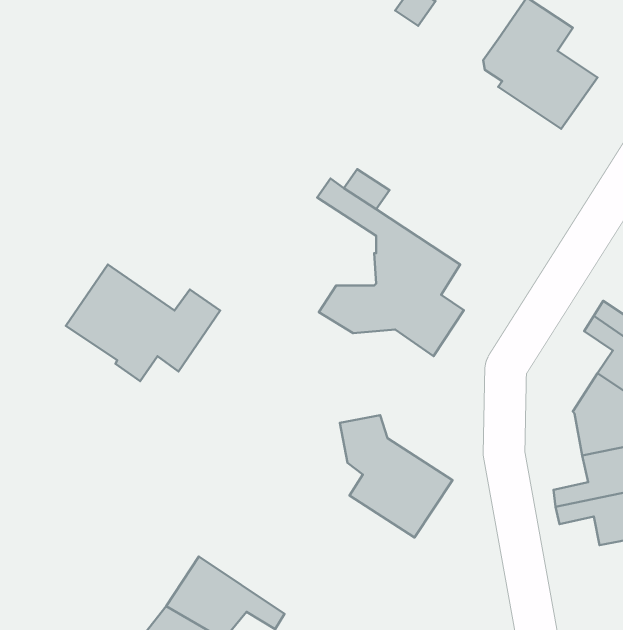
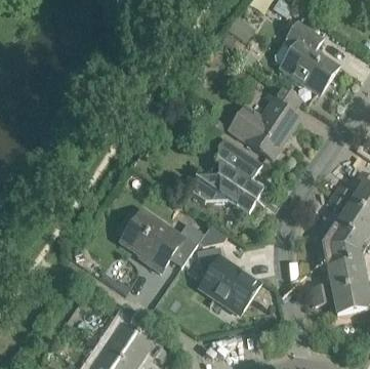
building: none -> [228,82,299,158]
building: [66,265,220,381] -> [120,208,203,271]

